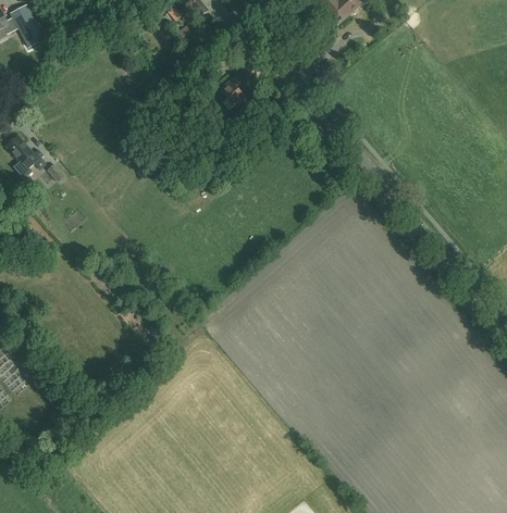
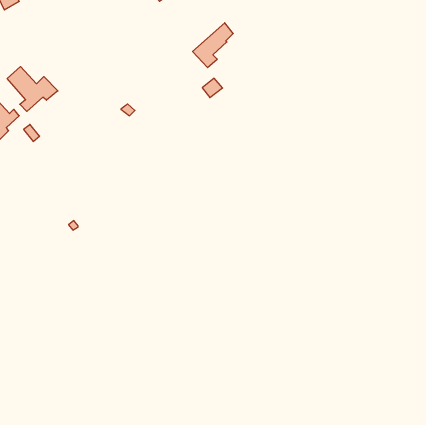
building: none -> [7,67,58,111]

